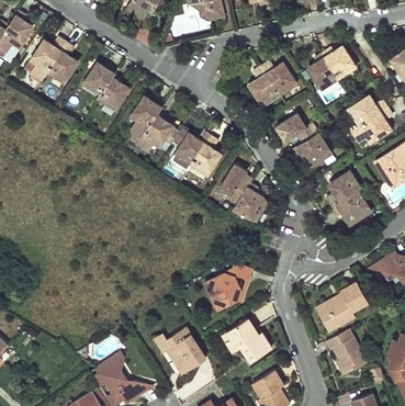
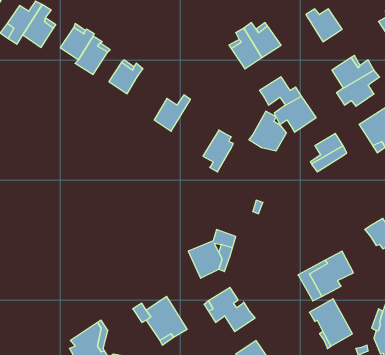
building: [311,54,338,90] -> none
building: [137,114,179,155] -> none
building: [191,136,221,178] -> none
building: [233,183,269,222] -> [249,111,286,151]
building: [333,191,370,225] -> none

